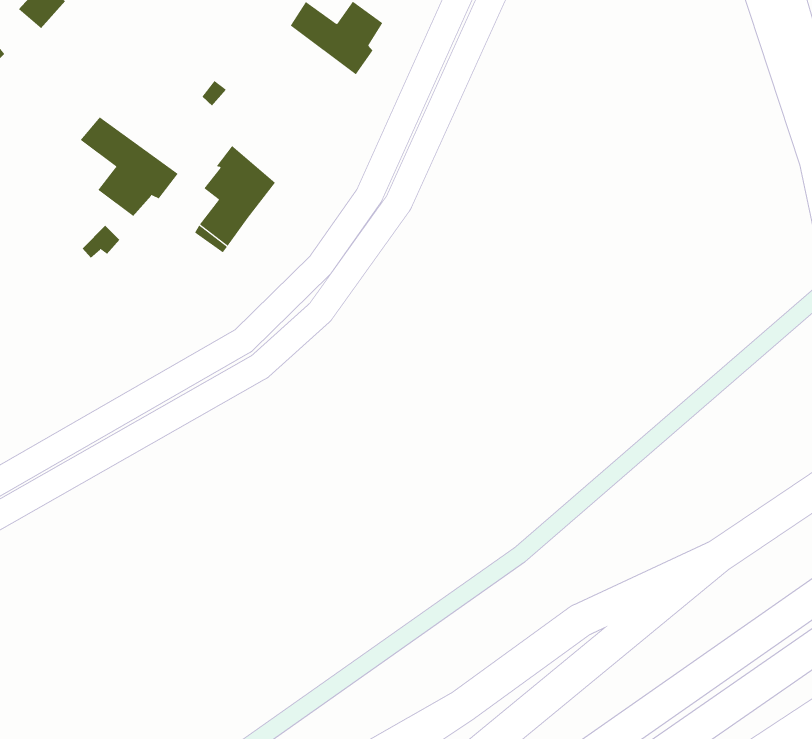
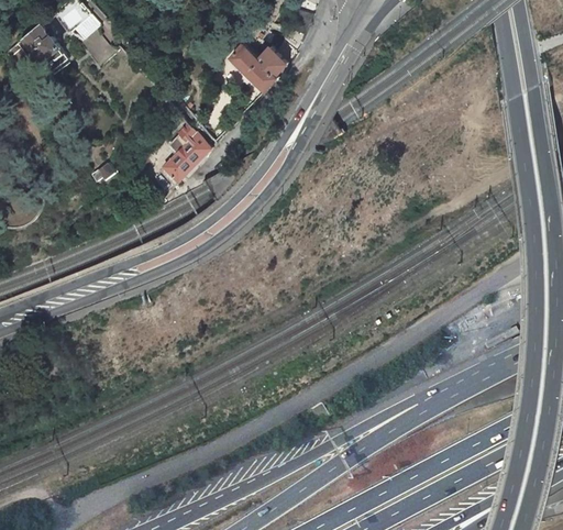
building: [80,117,178,217] -> none

